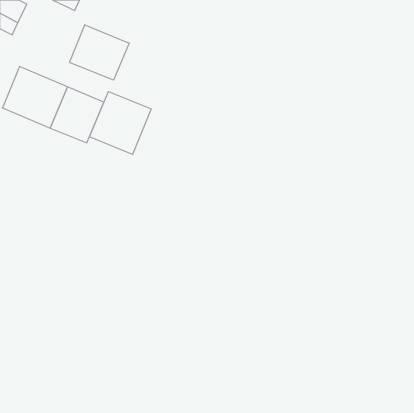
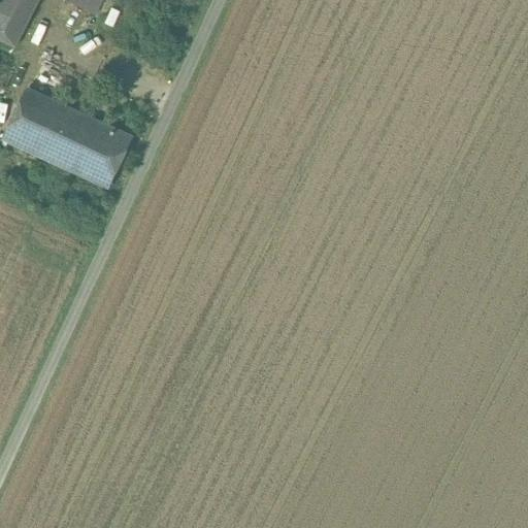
building: [70,25,129,80] -> none
building: [89,92,151,155] -> none

